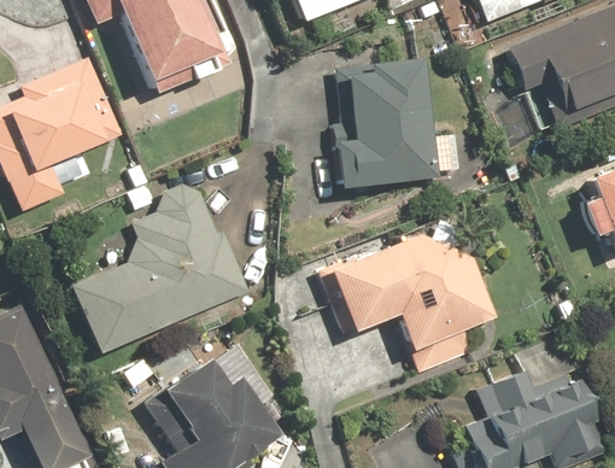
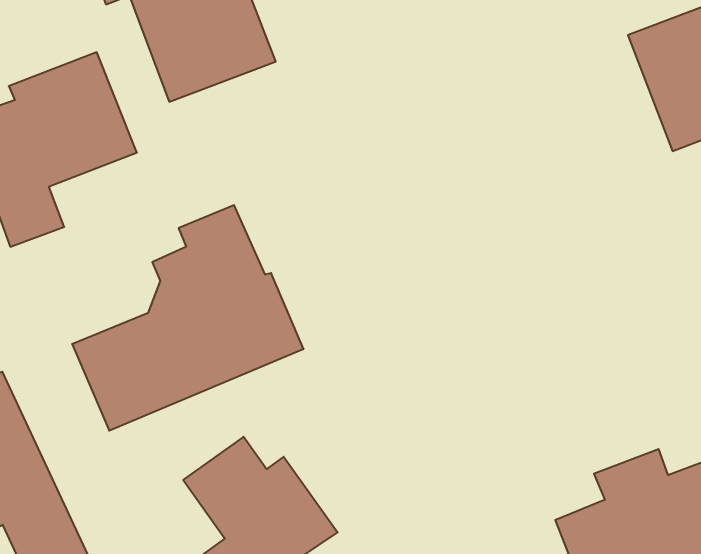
building: [330,55,439,189] -> none
building: [320,220,497,375] -> none

